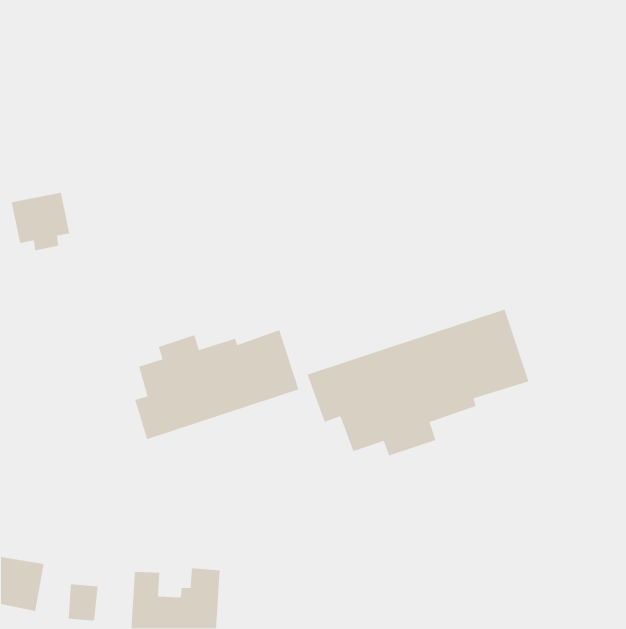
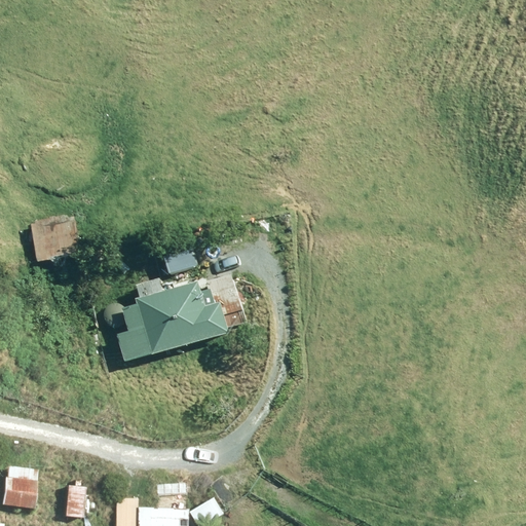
building: [11,192,70,251] -> [32,220,81,269]
building: [307,309,530,456] -> none

